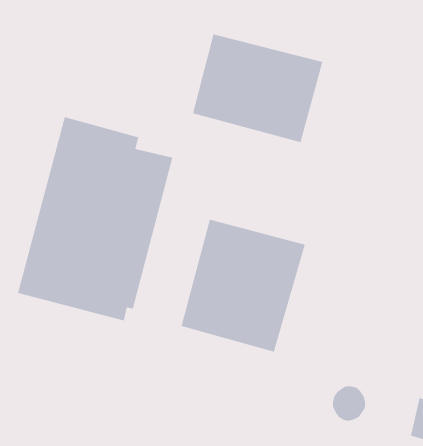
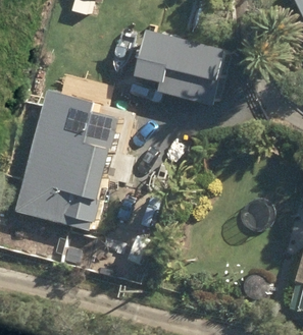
building: [181,219,305,352] -> none

